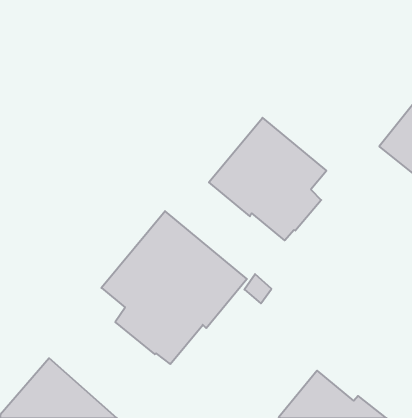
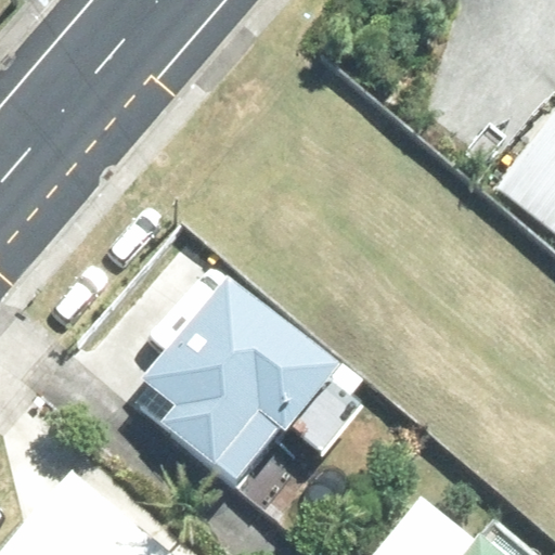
building: [209,118,326,240] -> none

